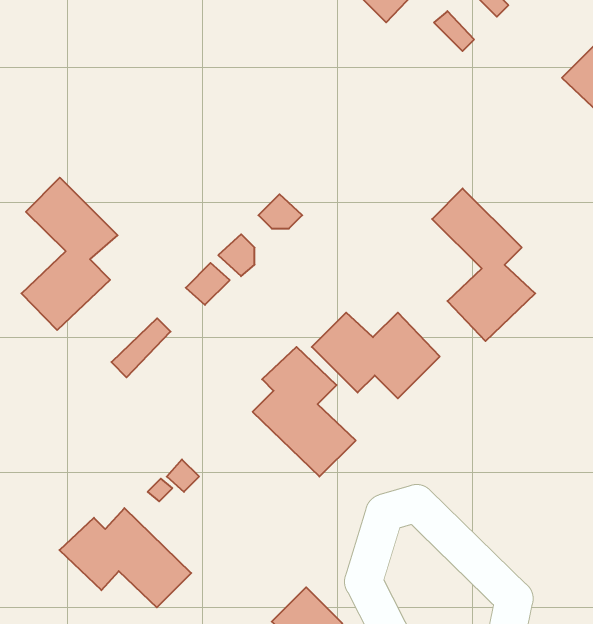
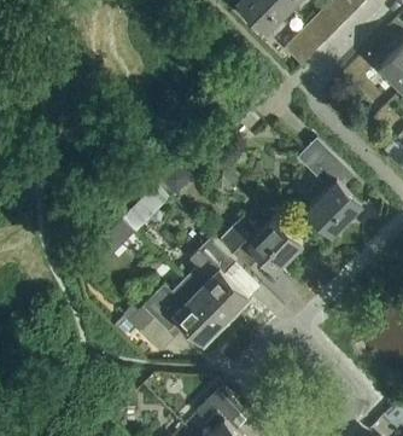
building: [21,178,118,330] -> none
building: [59,508,191,607] -> [142,281,226,344]

